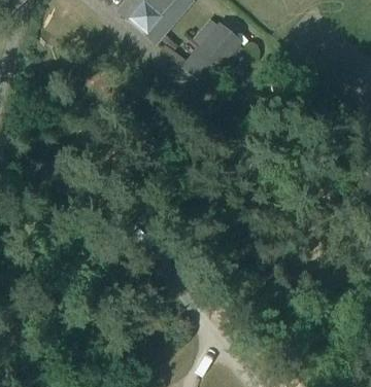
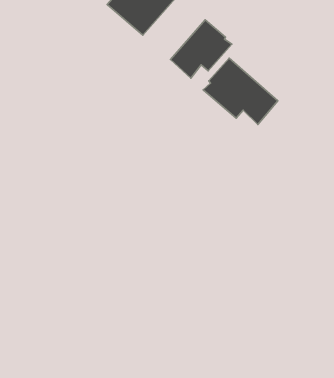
building: none -> [203,58,278,125]

